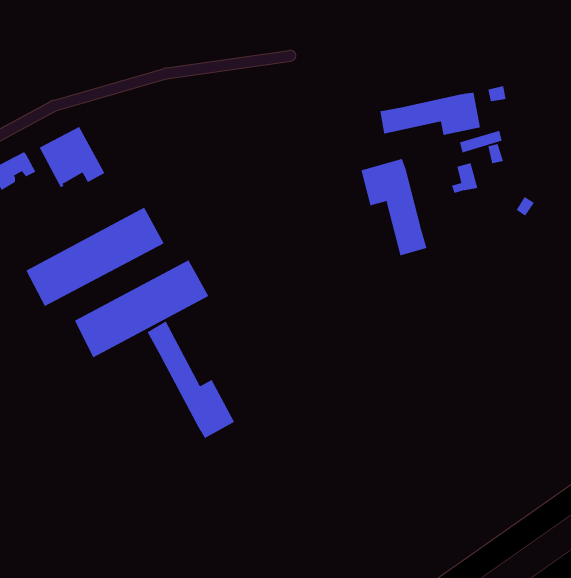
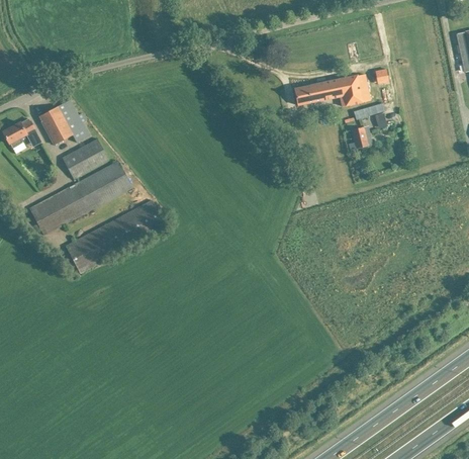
building: [361,158,427,256] -> none
building: none -> [62,137,109,178]
building: [147,321,235,439] -> none

